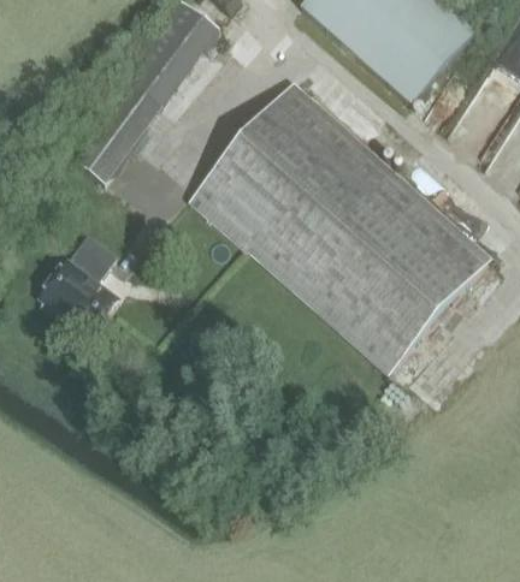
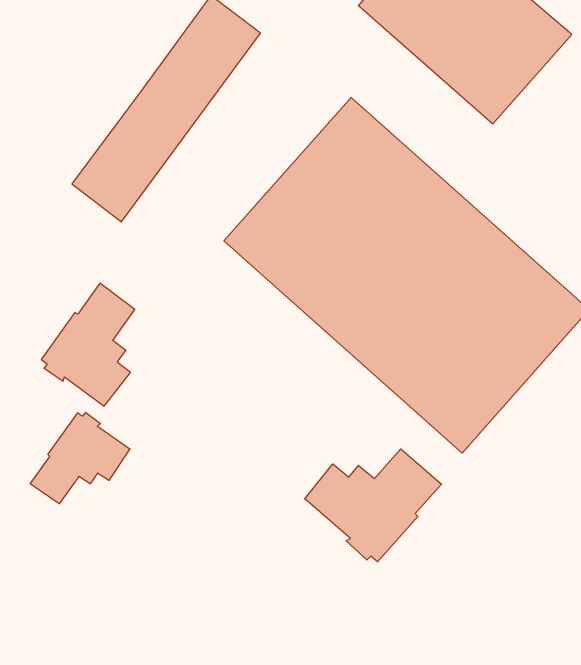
building: none -> [30,412,130,504]
building: none -> [305,449,442,562]

